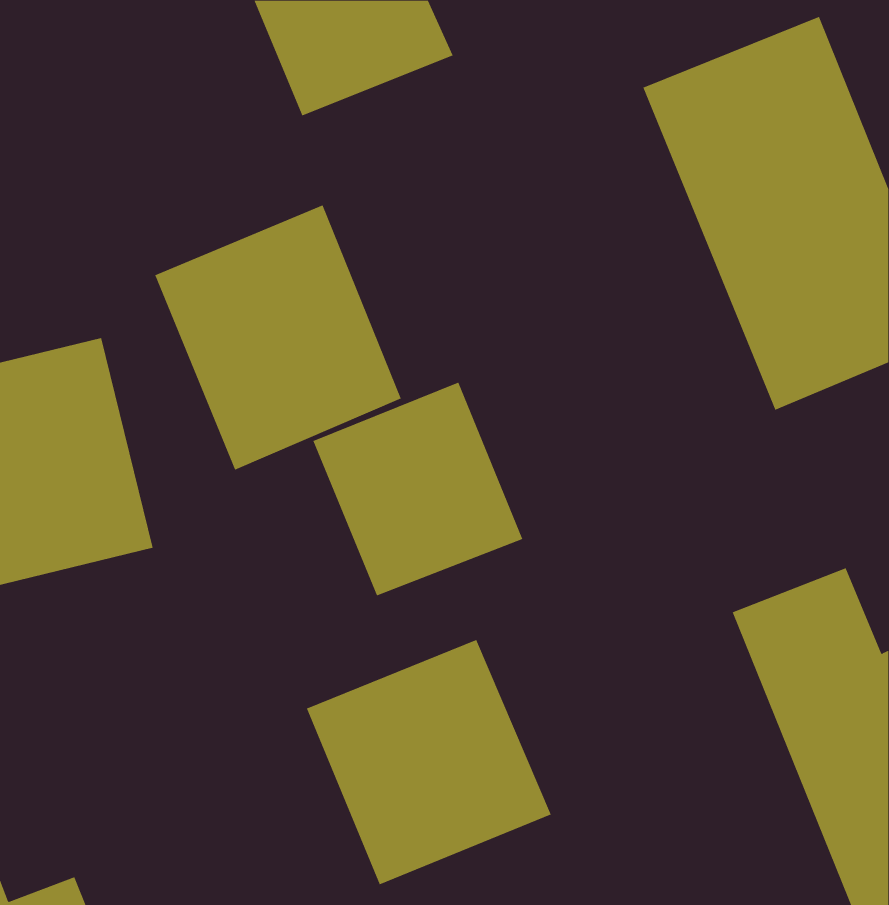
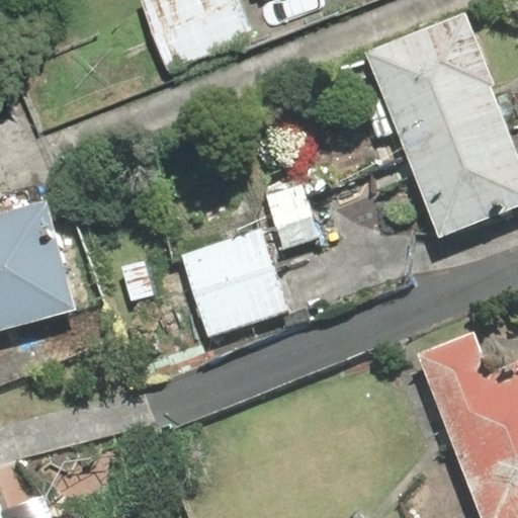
building: [155,205,401,470] -> none
building: [306,639,551,885] -> none

